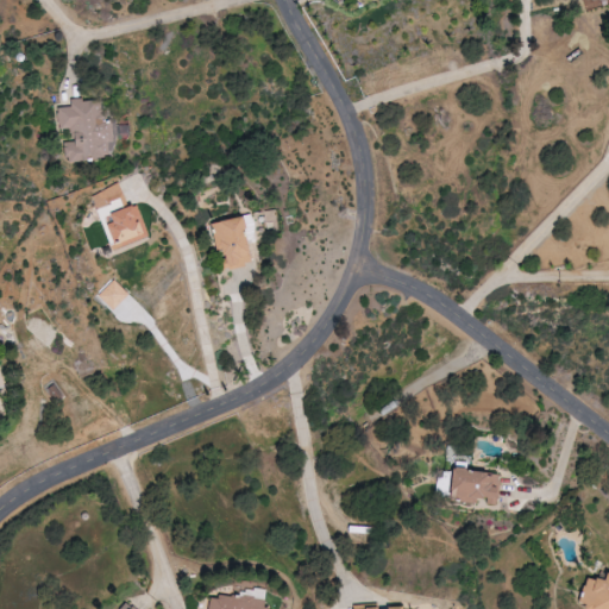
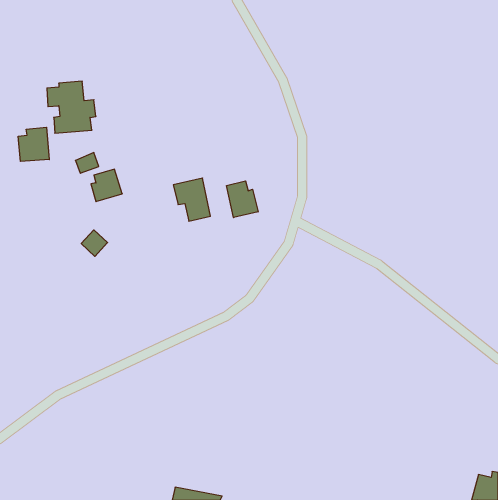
building: none -> [18,127,49,161]
building: none -> [227,181,258,218]
building: [442,469,496,506] -> none

